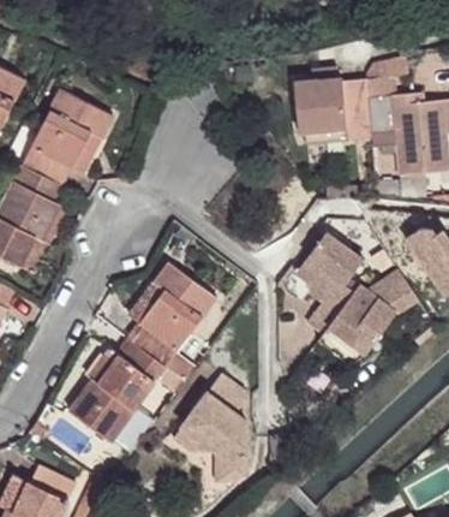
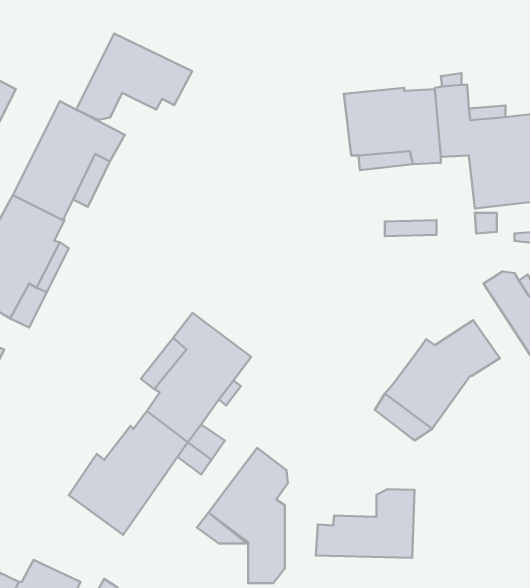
building: none -> [76,33,192,120]
building: [294,230,364,319] -> none
building: none -> [316,489,415,558]

